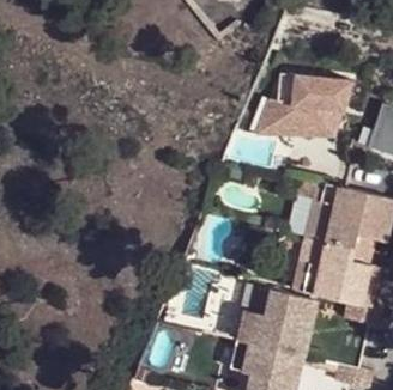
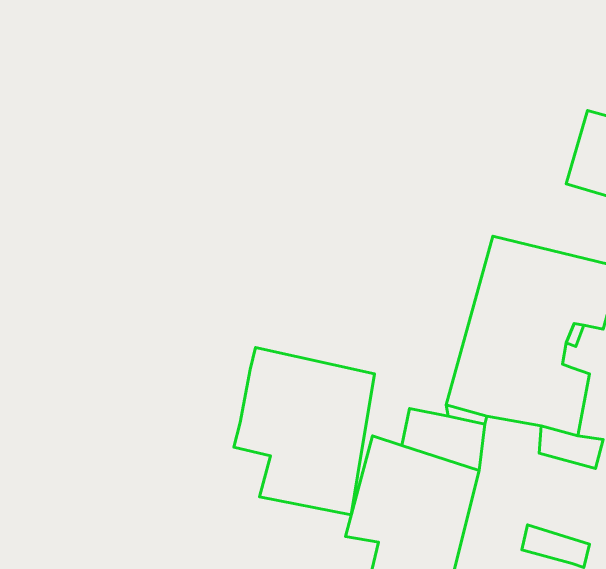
building: [262,77,345,139] -> none
building: none -> [234,347,374,515]

